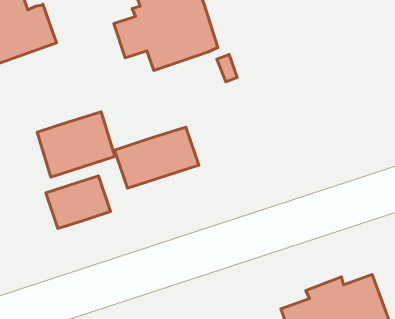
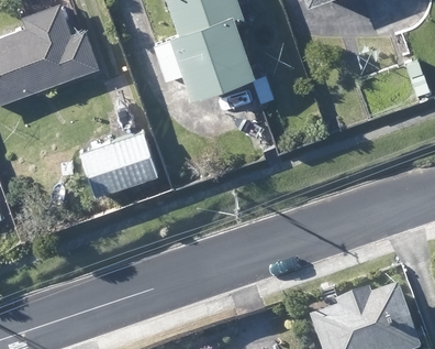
building: [115,127,199,188] -> none
building: [46,176,110,228] -> none

